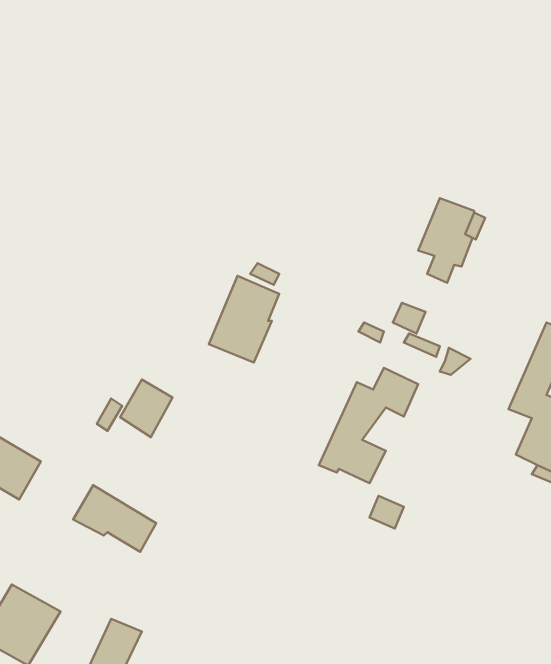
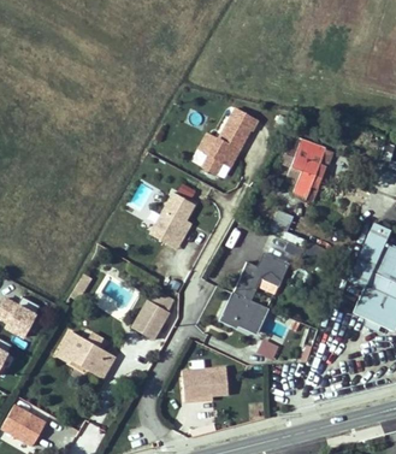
building: none -> [190,106,256,179]
building: [120,379,173,437] -> [135,300,170,338]
building: none -> [182,367,227,400]

